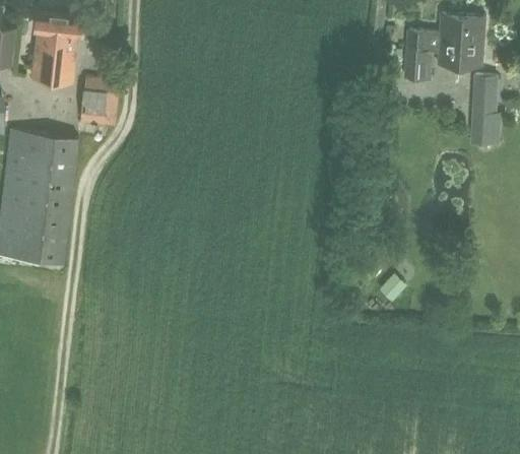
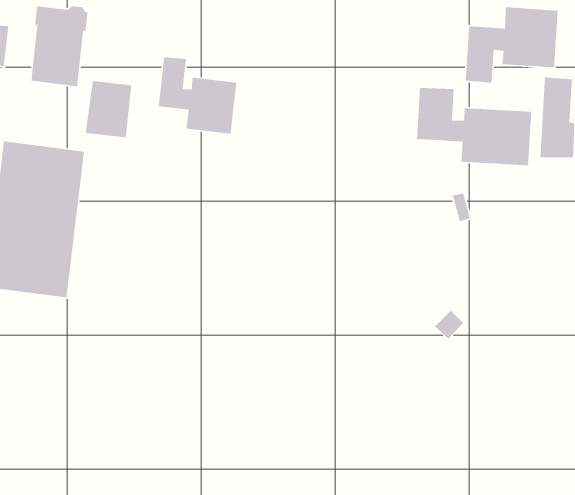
building: none -> [158,56,237,134]
building: none -> [416,87,532,166]

